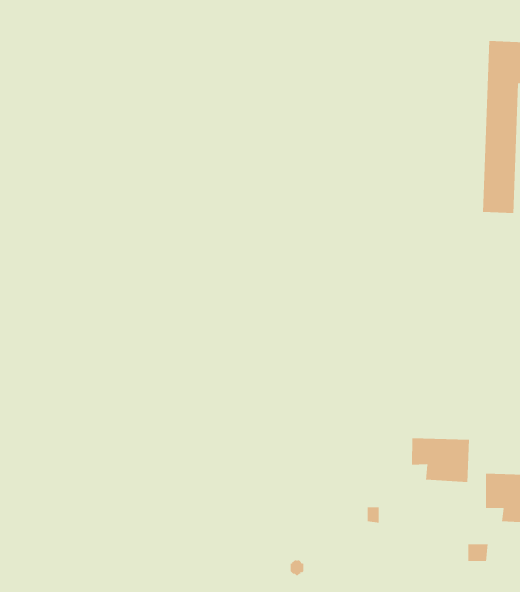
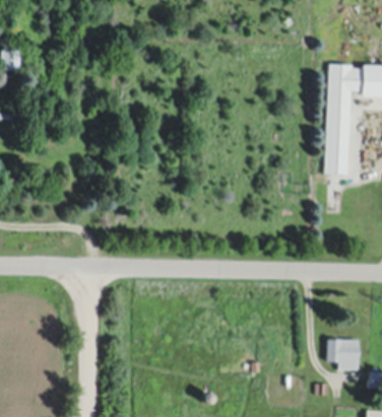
building: [411,437,469,483] -> none

